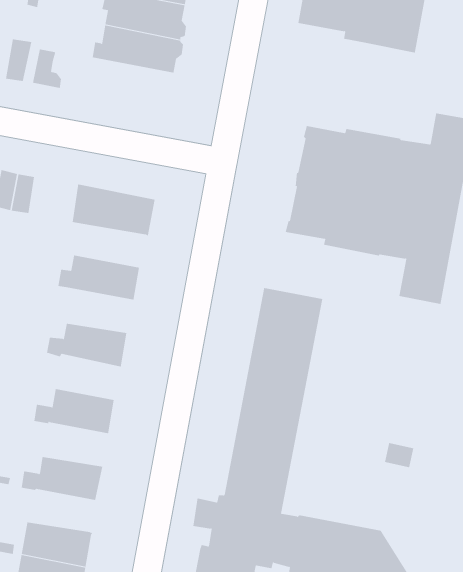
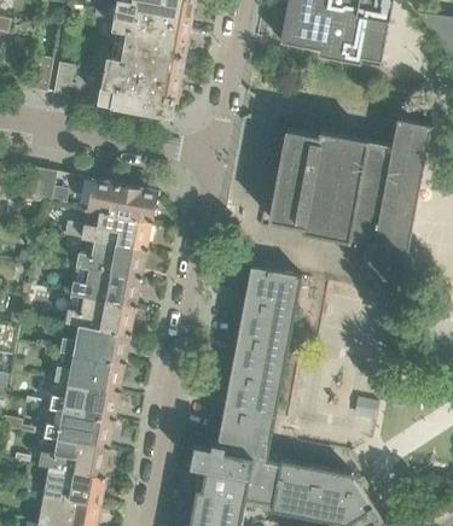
building: none -> [99,71,174,115]
building: none -> [64,212,150,250]
building: none -> [69,267,140,305]
building: none -> [59,323,129,362]
building: none -> [48,381,118,419]
building: none -> [39,438,108,474]

